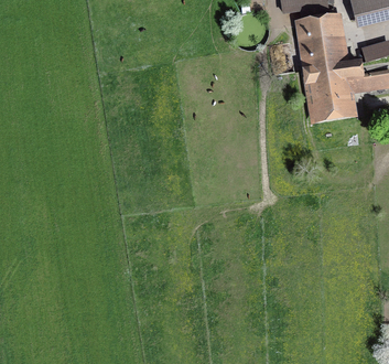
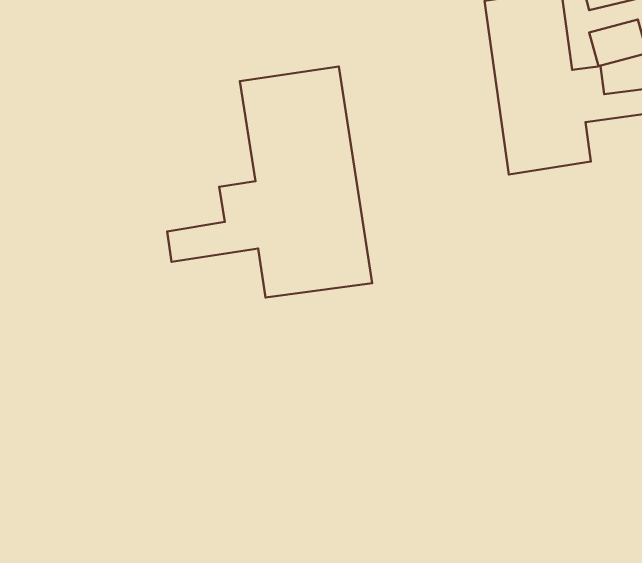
building: none -> [167,67,372,297]

